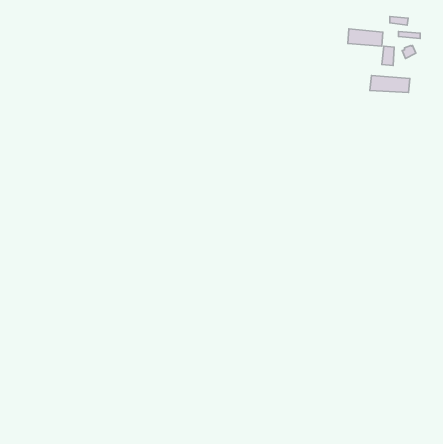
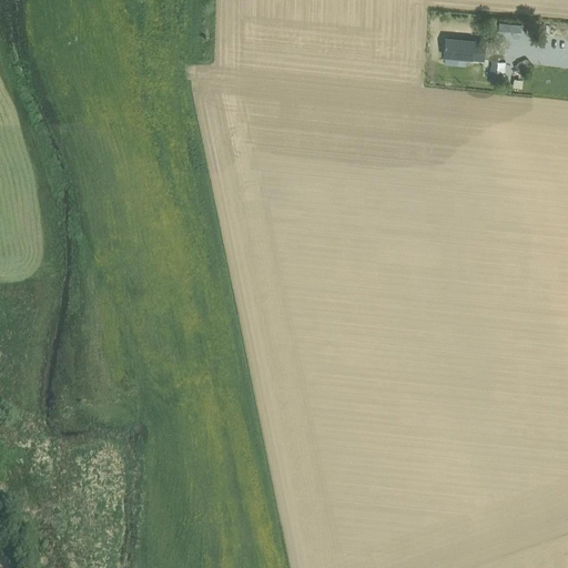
building: [370,76,410,93] -> none

